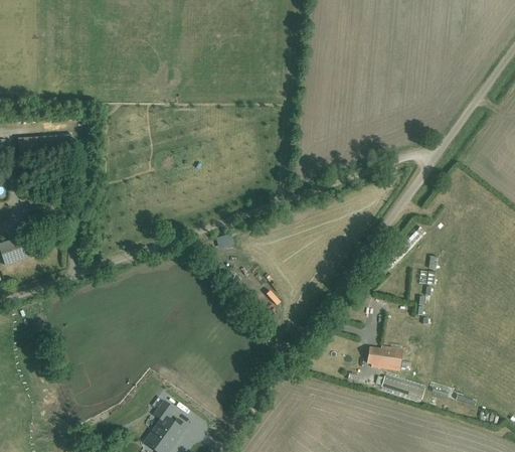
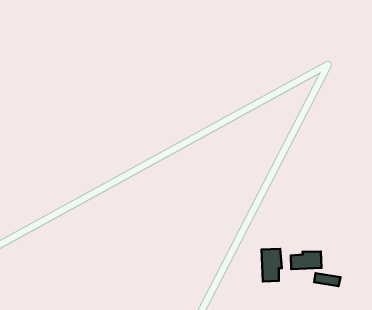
building: none -> [262,249,282,282]

